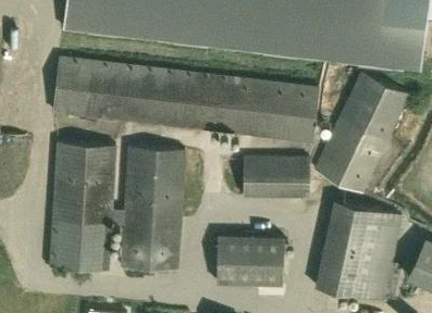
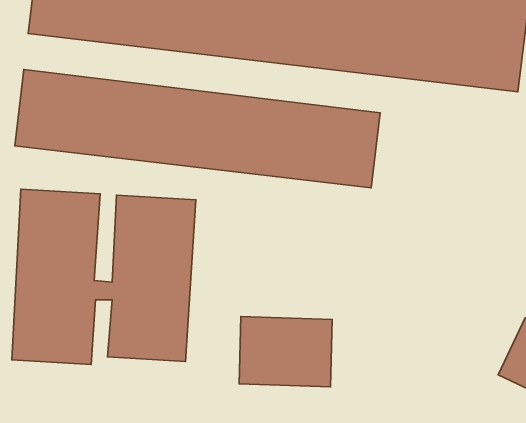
building: [314,72,408,191] -> none
building: [243,156,309,197] -> none
building: [314,199,403,301] -> none

